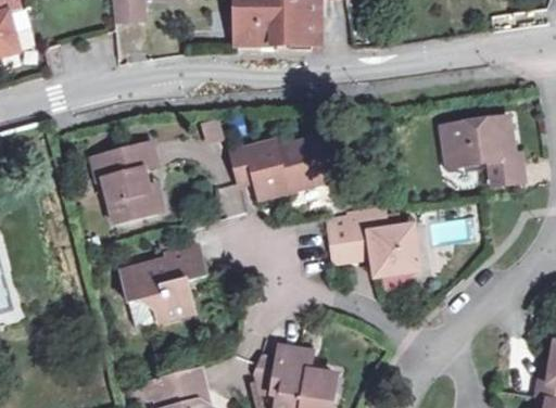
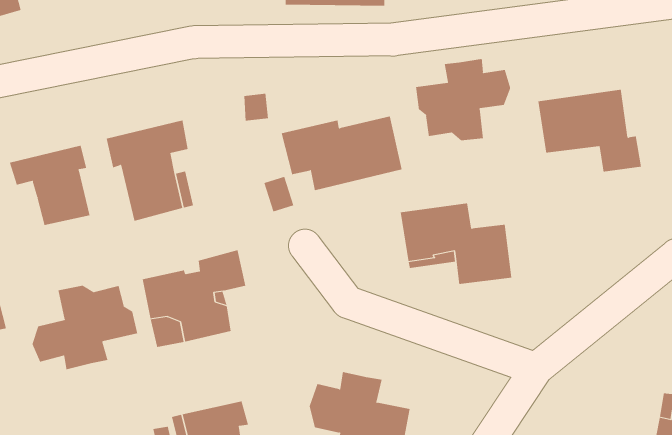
building: none -> [416,58,511,141]
building: none -> [9,145,90,226]
building: none -> [32,285,138,370]

